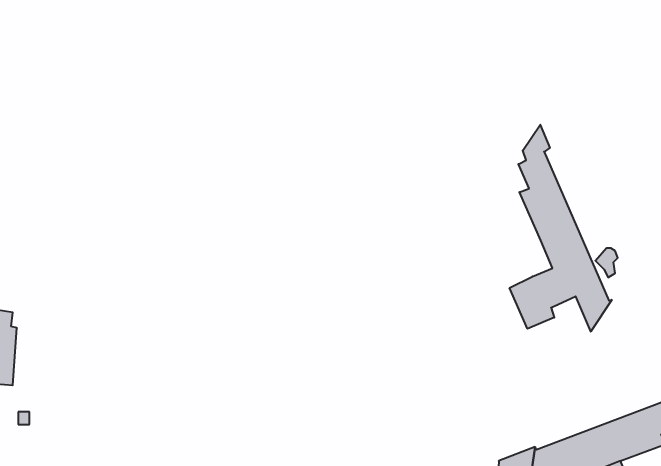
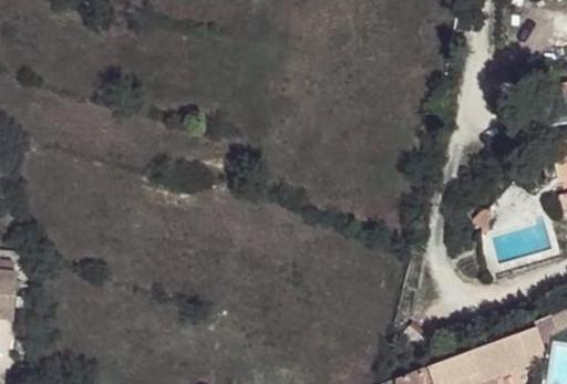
building: [510,125,612,332] -> none

